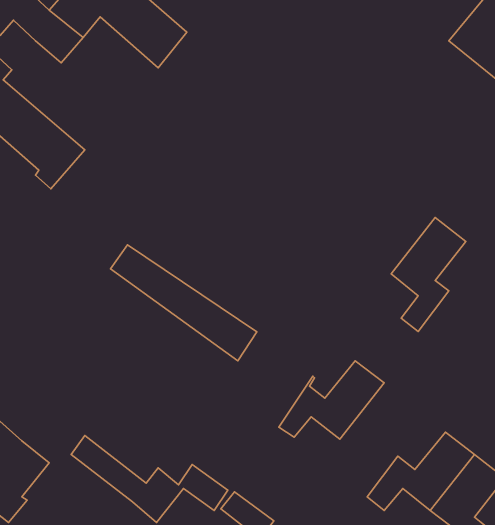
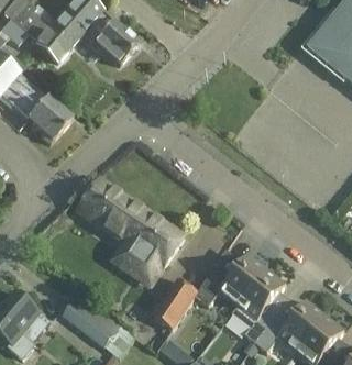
building: [391,218,466,332] -> [238,267,286,341]
building: none -> [79,193,172,285]
building: none -> [152,275,197,325]

